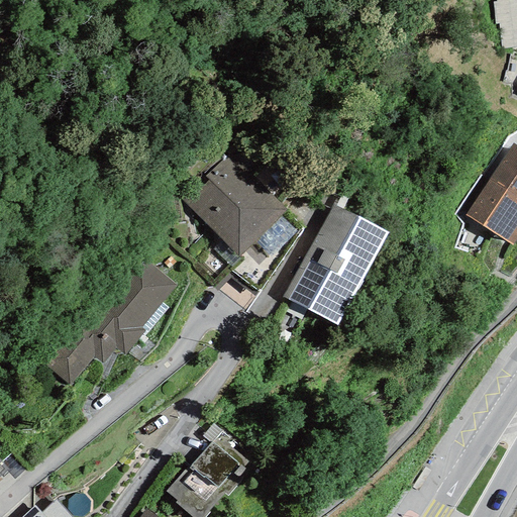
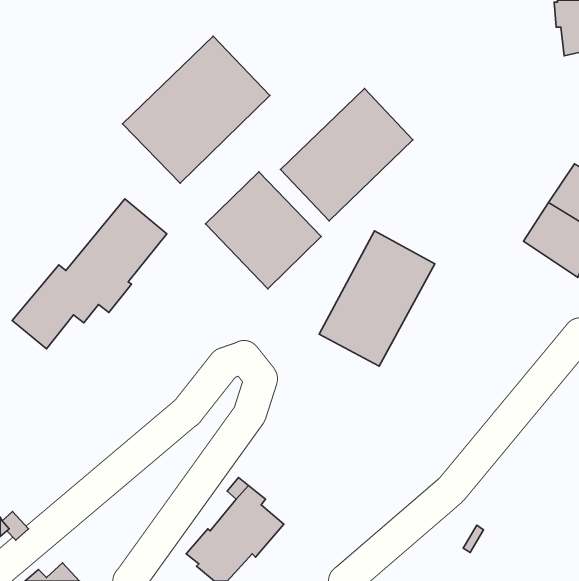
building: none -> [122,36,270,183]
building: none -> [281,89,413,221]
building: [39,254,177,388] -> [12,199,167,349]

